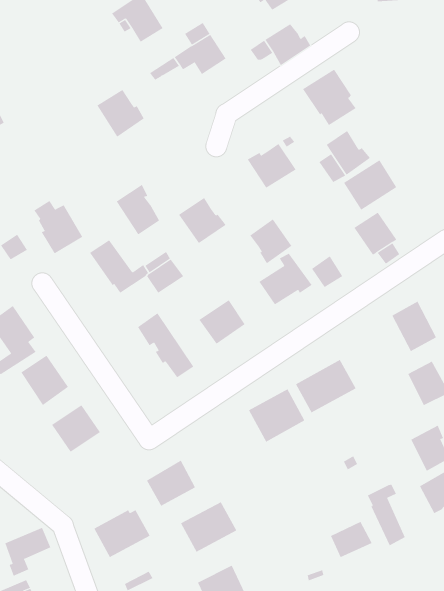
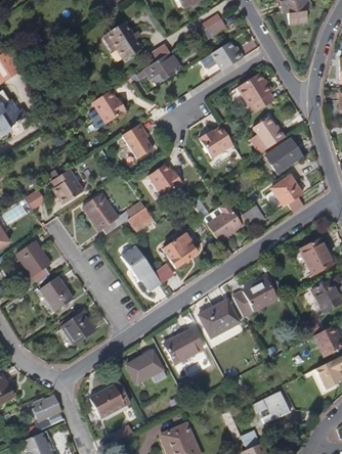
building: [116,184,160,235] -> [122,124,153,160]
building: [249,218,292,264] -> none
building: [367,484,406,546] -> none
building: [180,501,237,552] -> [162,327,202,363]

